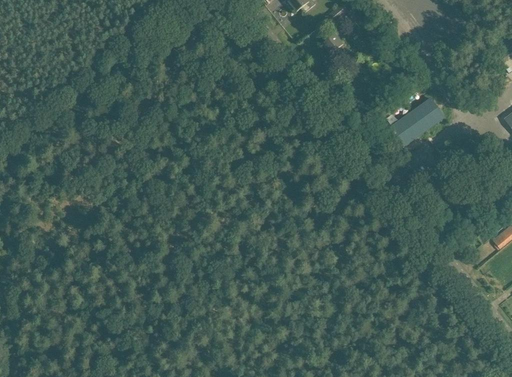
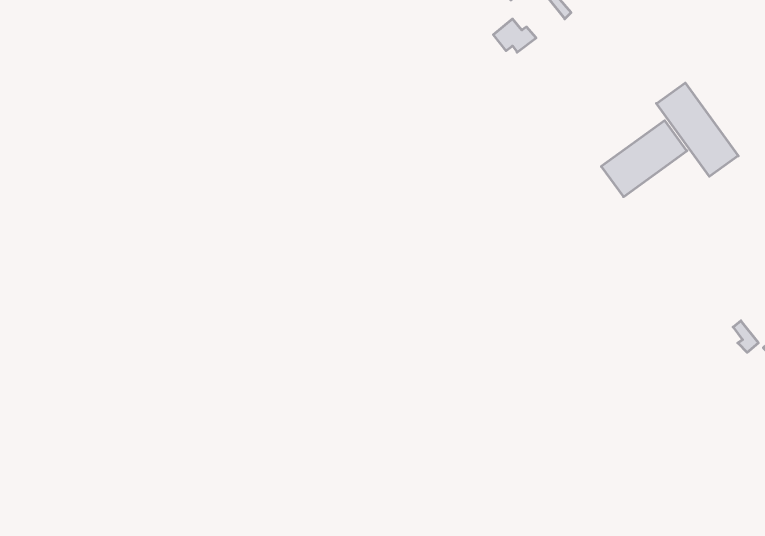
building: none -> [656,83,738,176]

